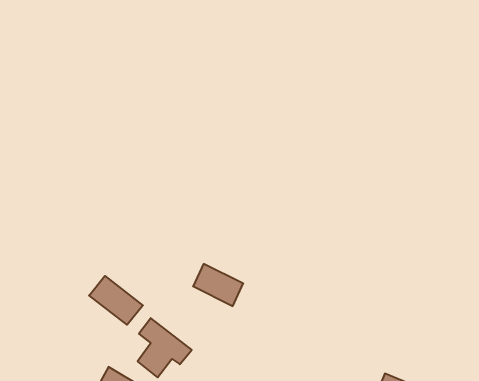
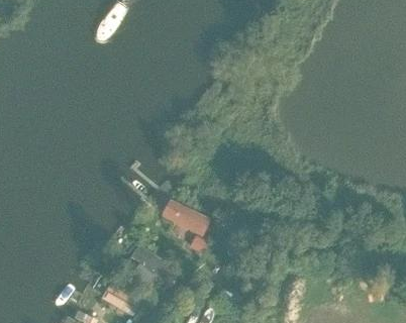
building: [89,276,143,325] -> none

